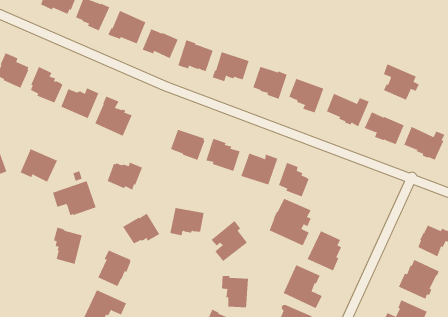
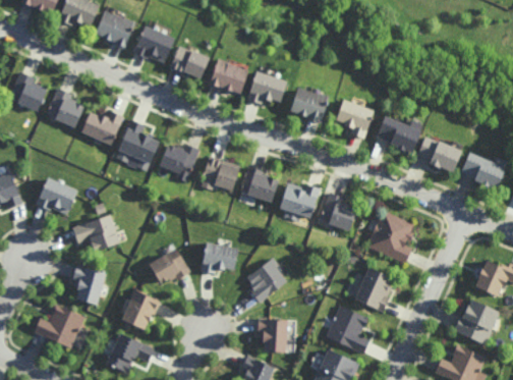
building: [383,64,420,101] -> none
building: [107,162,143,191] -> [160,144,200,175]
building: [269,198,311,246] -> [366,211,413,264]
building: none -> [34,304,83,347]

